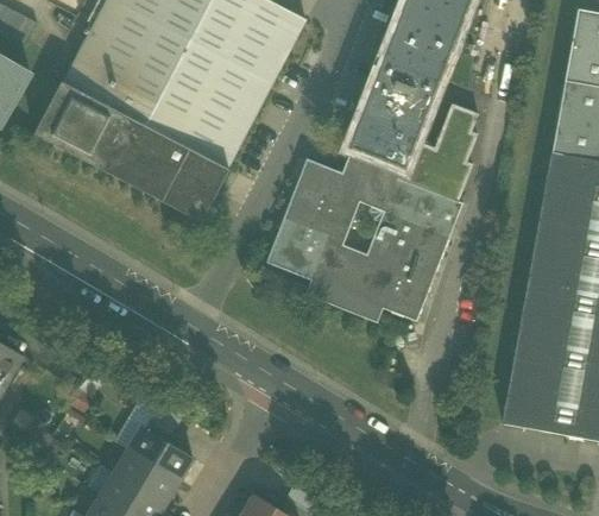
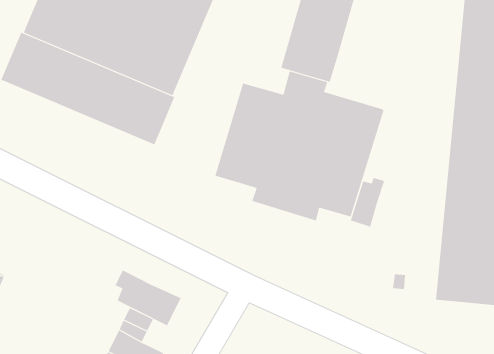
building: [398,103,478,201] -> none
building: none -> [350,175,385,228]
building: none -> [109,269,182,326]

